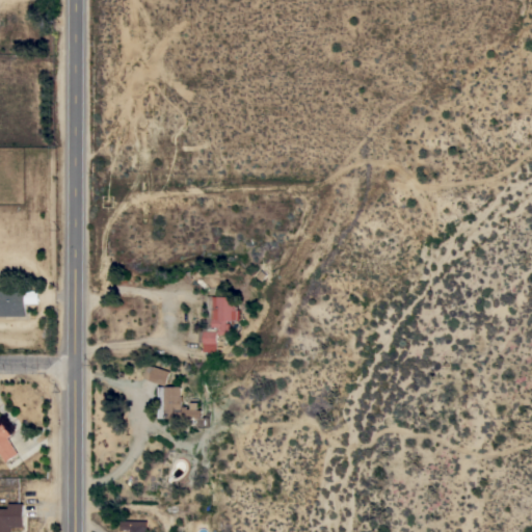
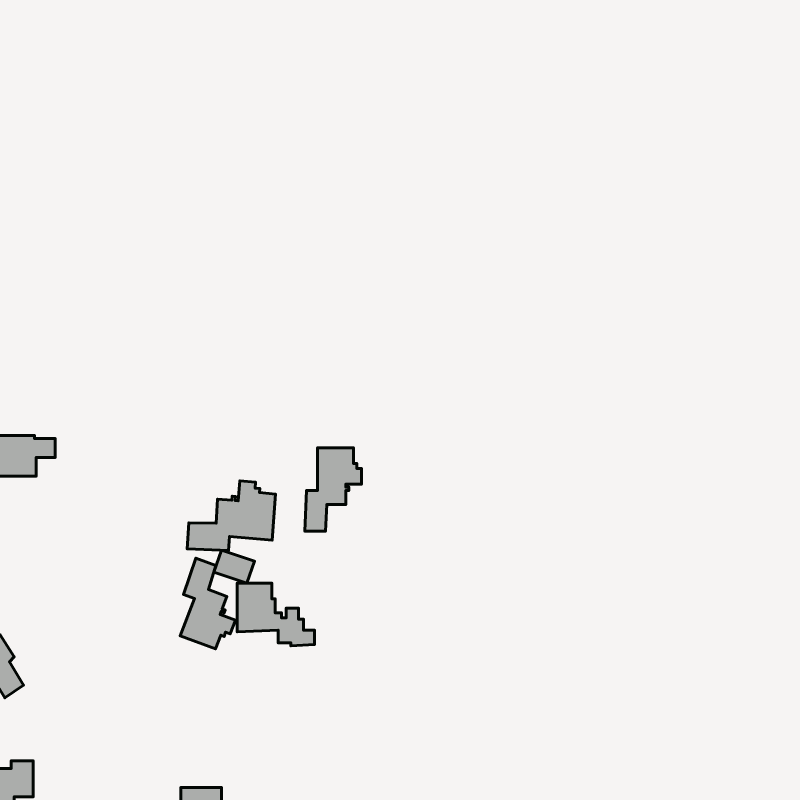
building: none -> [187,481,275,550]
building: none -> [180,558,235,649]

